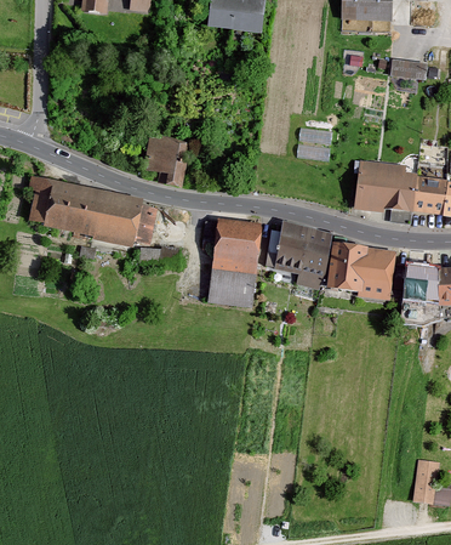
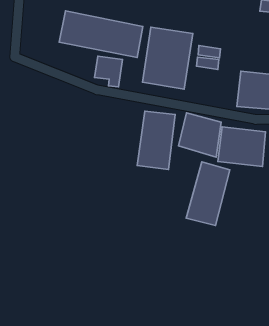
building: none -> [142,27,193,89]
building: [29,177,153,246] -> [59,11,143,58]
building: none -> [186,162,230,226]

